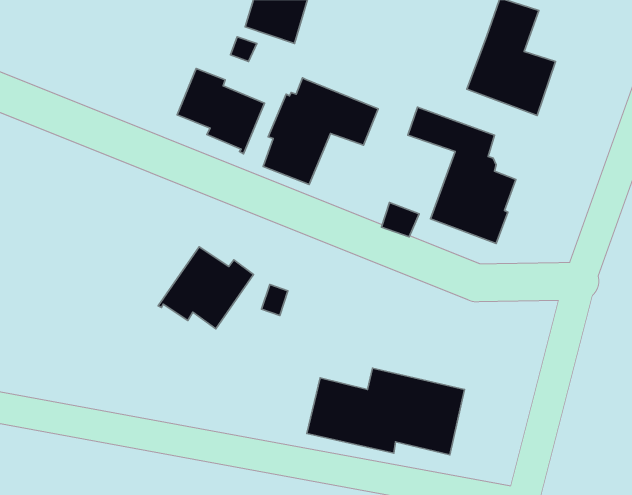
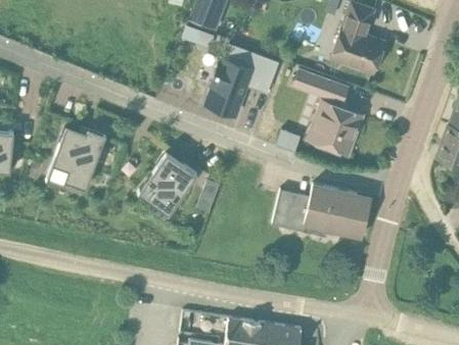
building: [177,69,264,154] -> none
building: none -> [46,129,105,190]
building: [307,368,464,455] -> [273,183,371,237]

